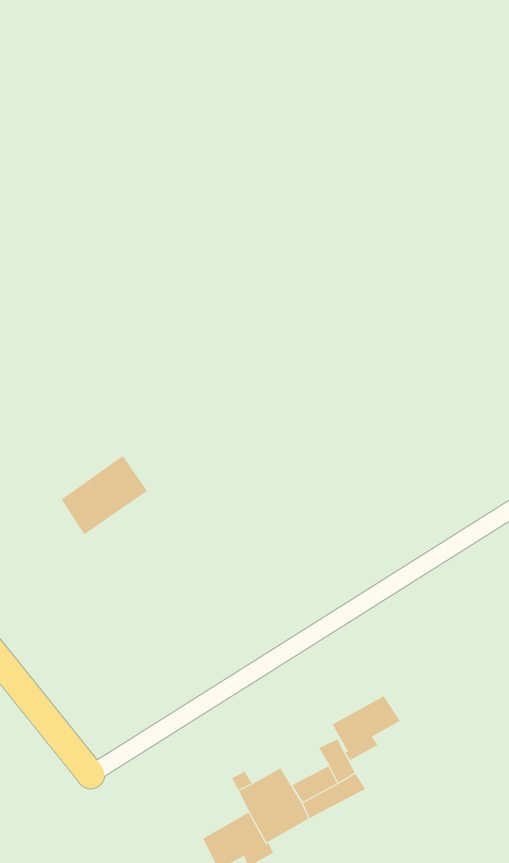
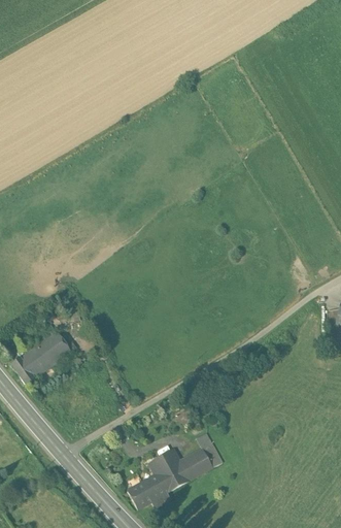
building: [61,455,148,535] -> [21,331,71,377]
building: [332,696,401,761] -> none

